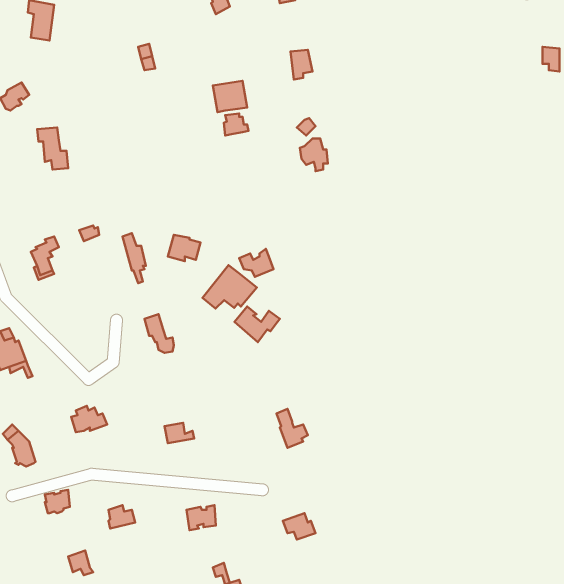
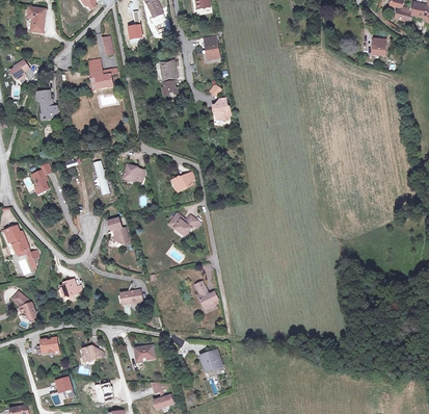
building: none -> [88,59,116,87]
building: [202,265,257,309] -> none

